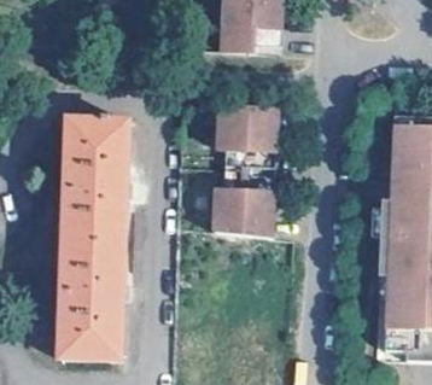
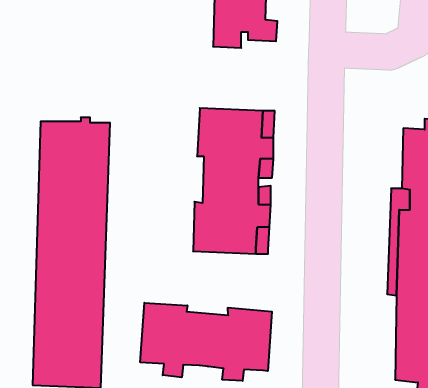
building: none -> [140,303,272,381]

